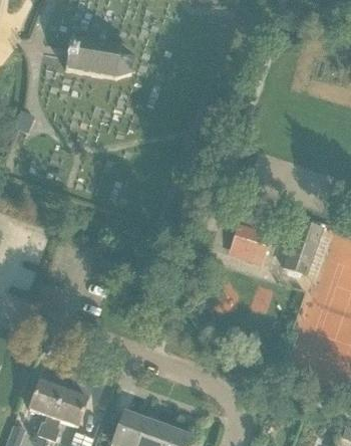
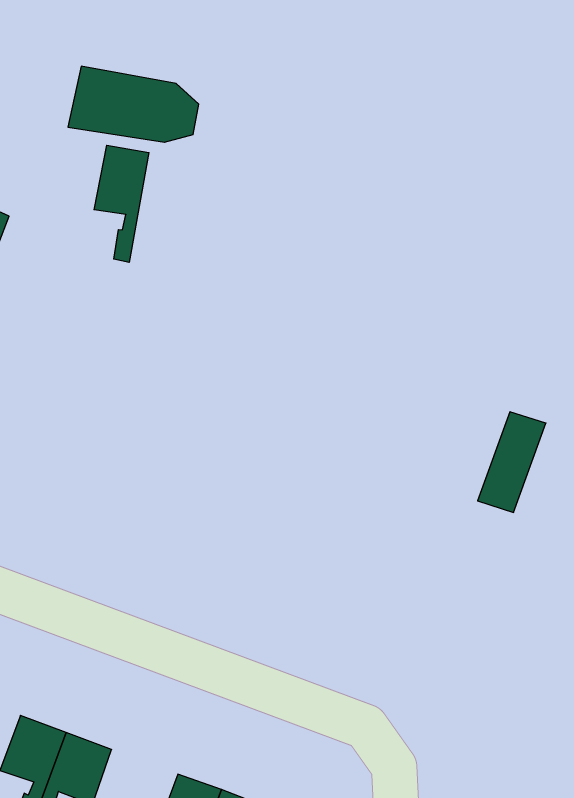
building: none -> [94,145,149,262]
building: [231,223,270,257] -> none

